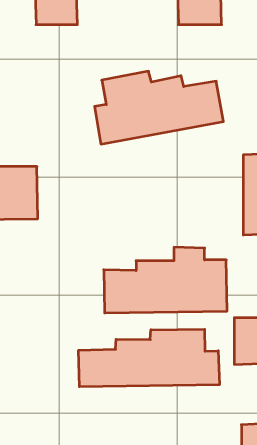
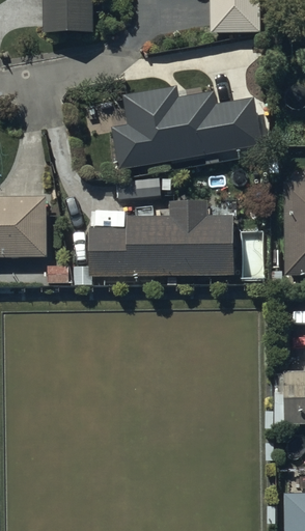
building: [104,247,227,313] -> [89,201,231,277]
building: [79,329,219,387] -> none

